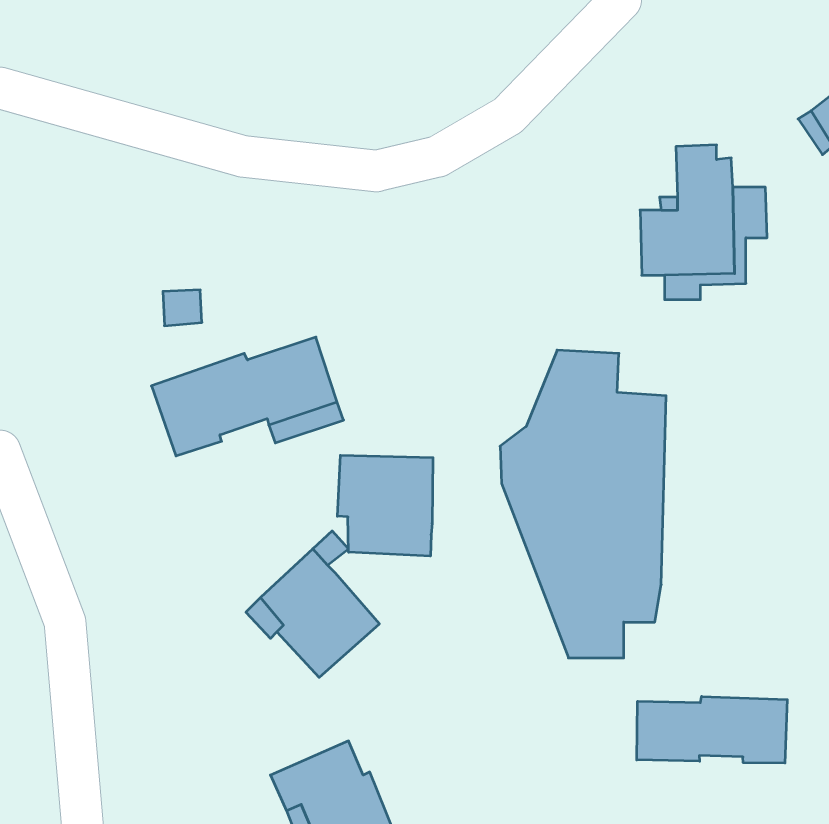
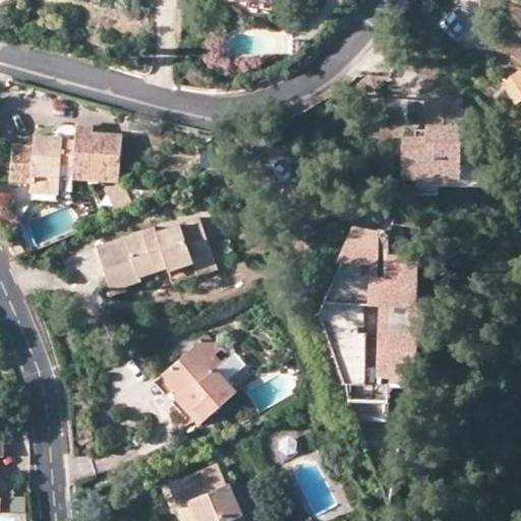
building: none -> [9,124,120,194]
building: [337,455,433,556] -> none
building: [637,696,787,763] -> none

